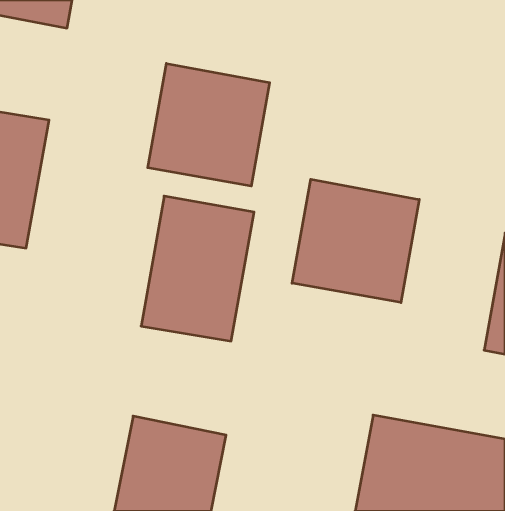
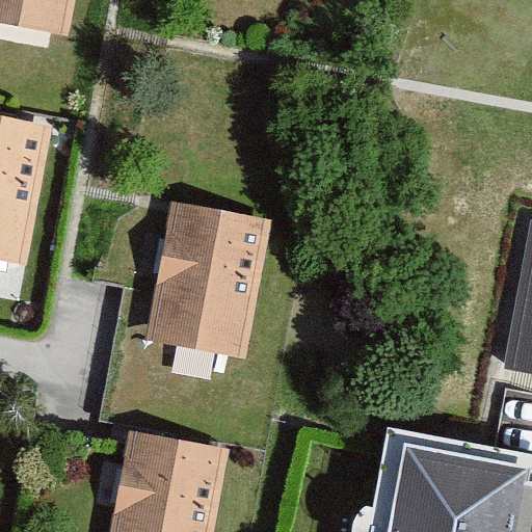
building: [148,63,270,186] -> none
building: [292,179,419,303] -> none

